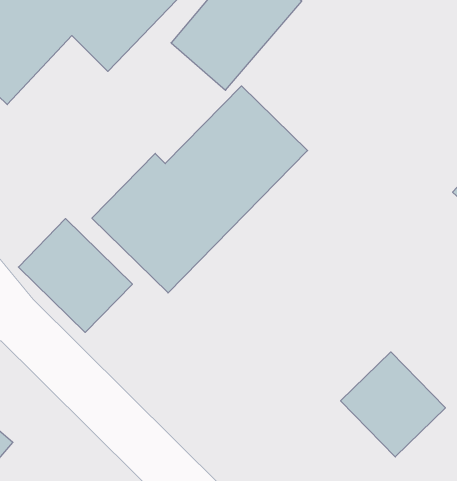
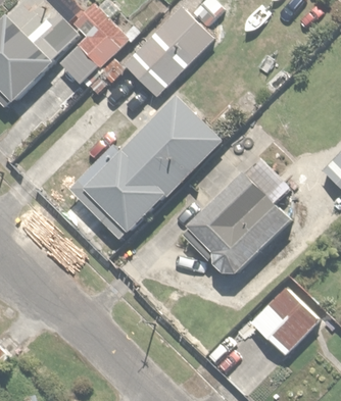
building: none -> [183,157,291,279]
building: [18,219,132,332] -> none

